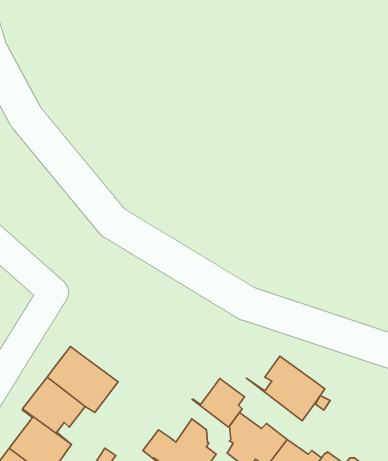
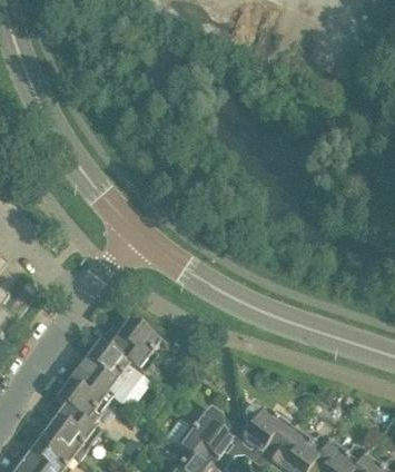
building: none -> [103,323,155,378]
building: [246,356,325,421] -> none
building: [192,378,245,427] -> none

